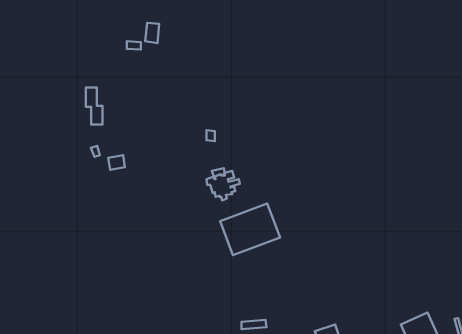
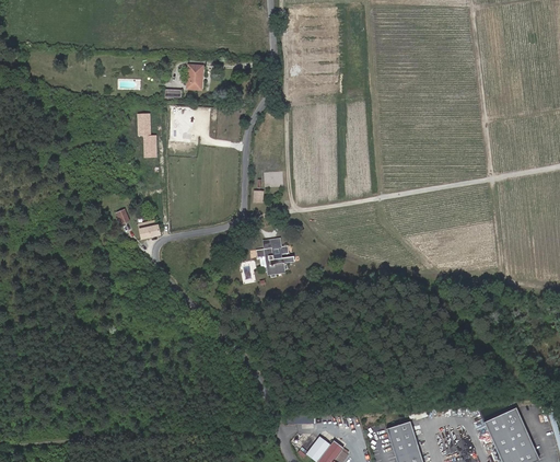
building: [86,87,102,124] -> [139,115,159,159]
building: [220,204,280,255] -> none

